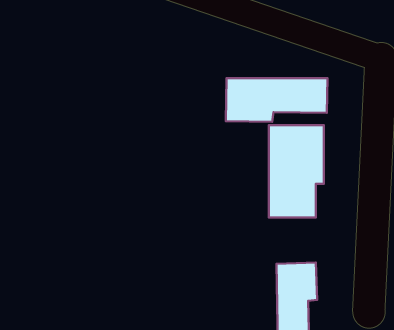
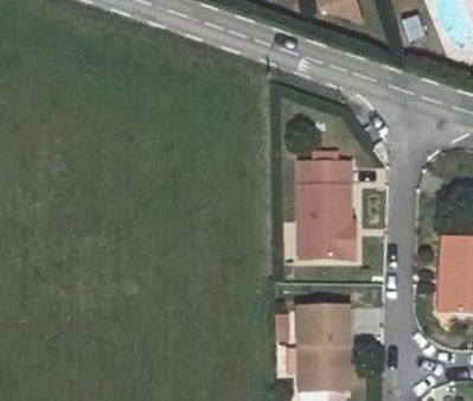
building: [226,78,328,122] -> none

